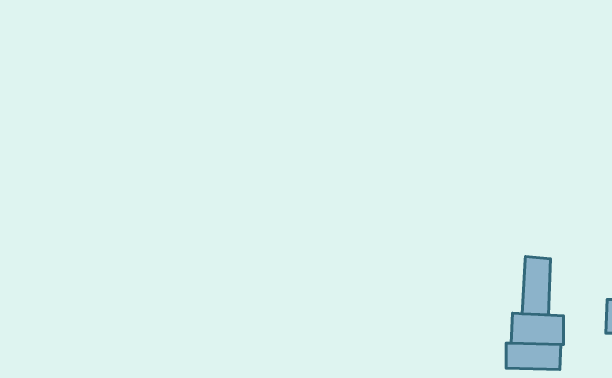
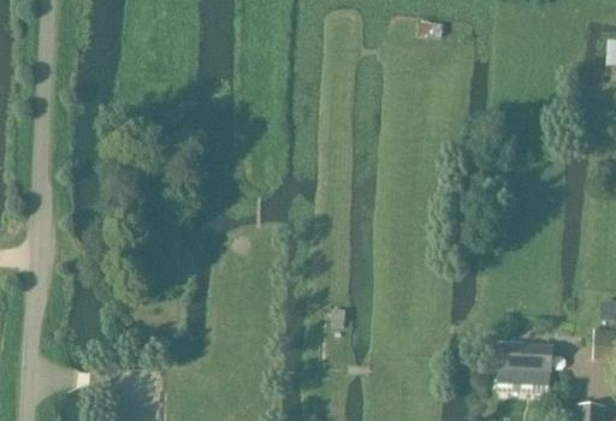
building: [522,257,551,315] -> none

